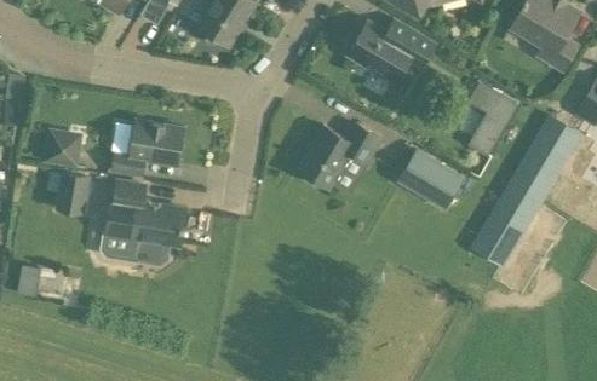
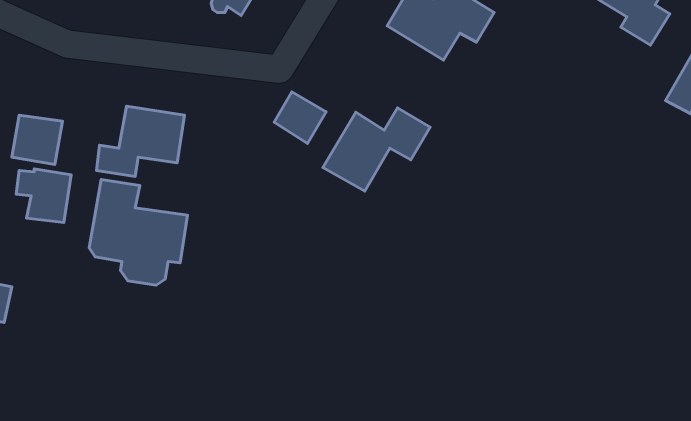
building: [469,82,519,156] -> none
building: none -> [274,92,326,144]
building: [470,115,581,269] -> none
building: [396,149,464,210] -> none

